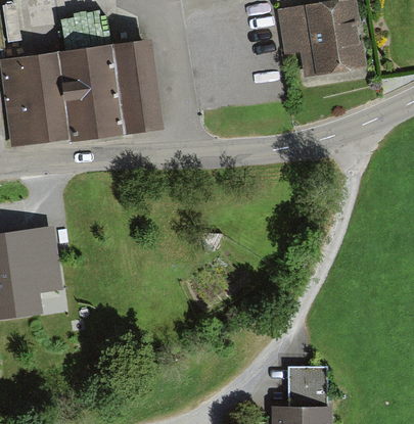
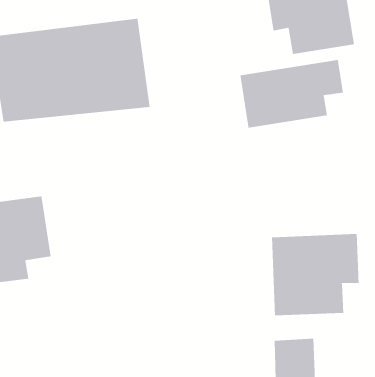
building: none -> [240,59,344,128]
building: none -> [272,233,359,316]

